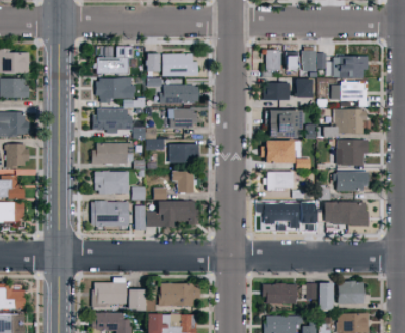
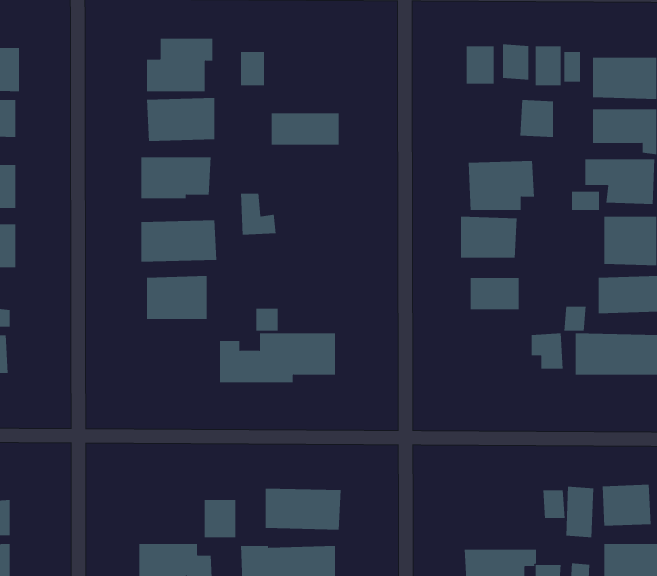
building: [161,53,197,76] -> none
building: [263,82,290,100] -> none
building: [168,108,196,127] -> none
building: [169,143,198,162] -> none
building: [171,171,194,193] -> none
building: [90,201,128,226] -> none
building: [263,202,295,223] -> none
building: [92,277,126,305] -> none
building: [264,284,297,304] -> none

